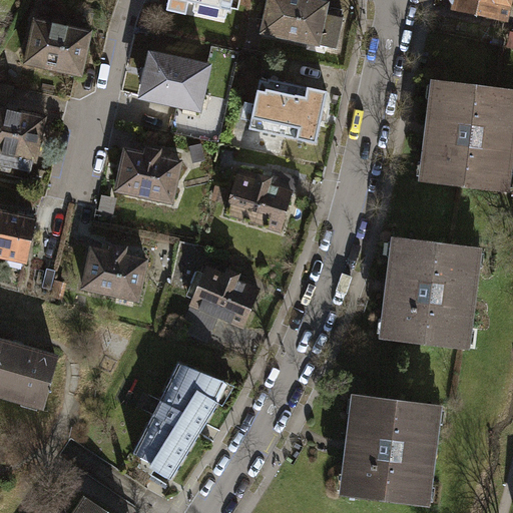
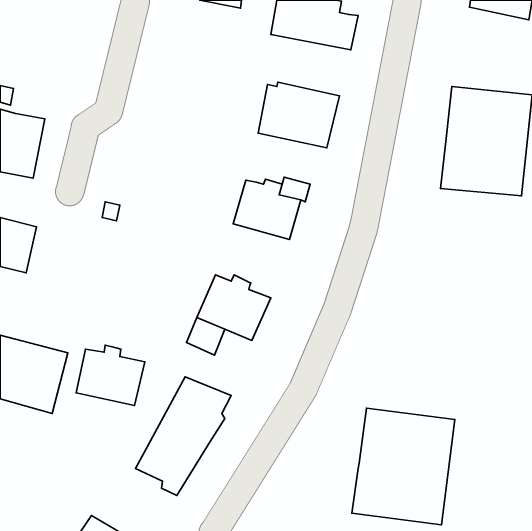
building: [24,20,89,76] -> none
building: [135,48,207,108] -> none
building: [111,143,183,204] -> none
building: [386,240,473,349] -> none
building: [80,241,146,300] -> [76,345,145,405]

